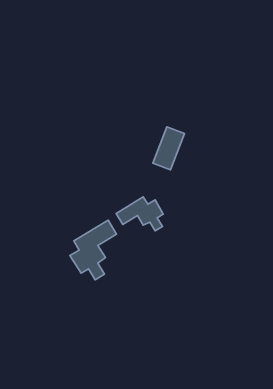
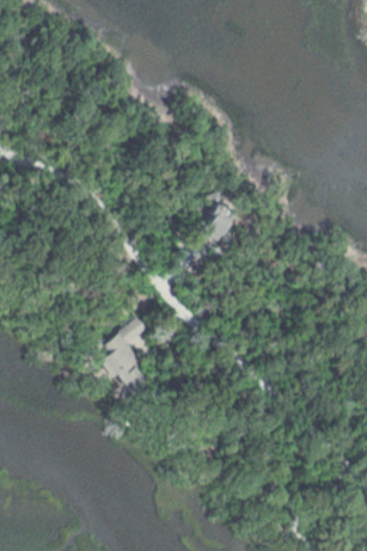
building: [116,197,163,231] -> none

